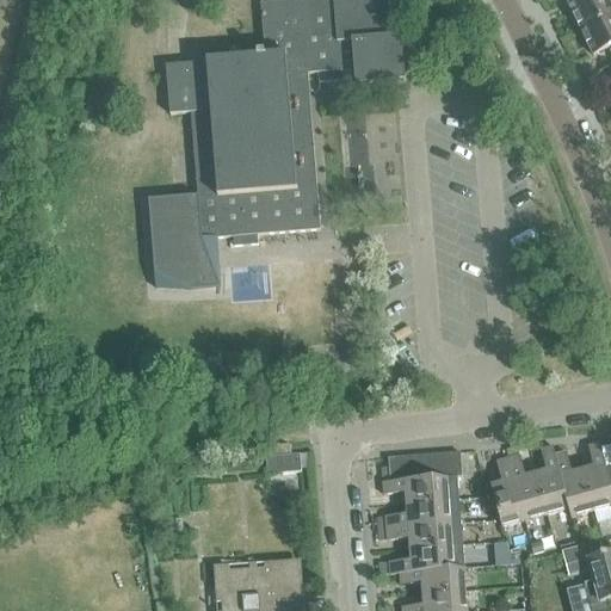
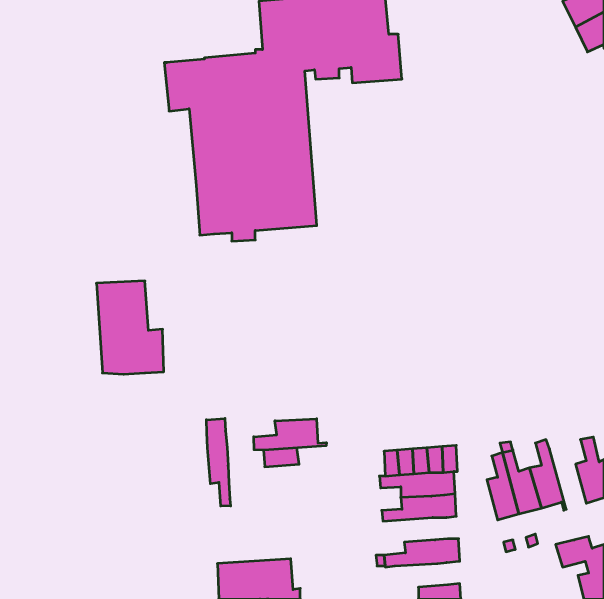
building: [149,187,217,282] -> [96,281,164,374]
building: none -> [206,418,231,506]
building: none -> [254,419,326,450]
building: [555,451,592,514] -> none
building: [387,521,463,548] -> none
building: [399,567,464,593] -> none

